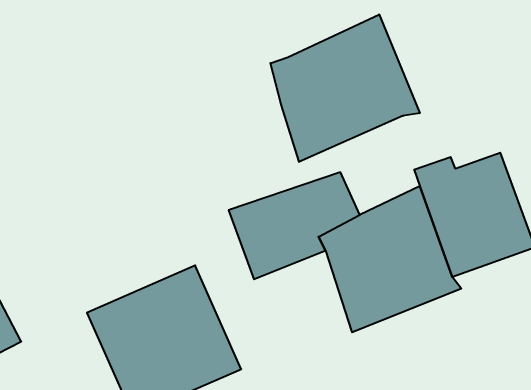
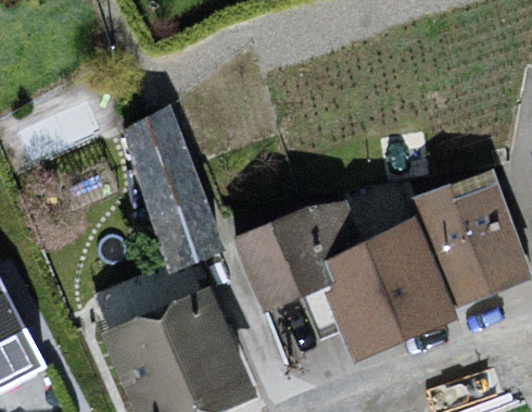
building: [270,14,420,162] -> none
building: none -> [127,110,218,265]

